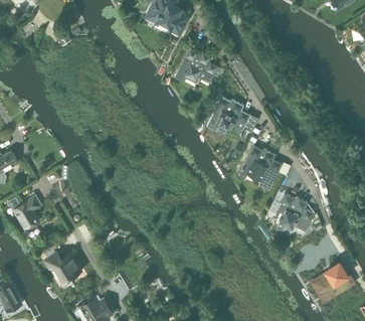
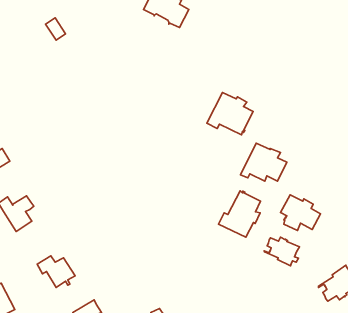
building: [174,47,218,84] -> none
building: none -> [219,191,261,237]
building: none -> [264,237,299,266]

